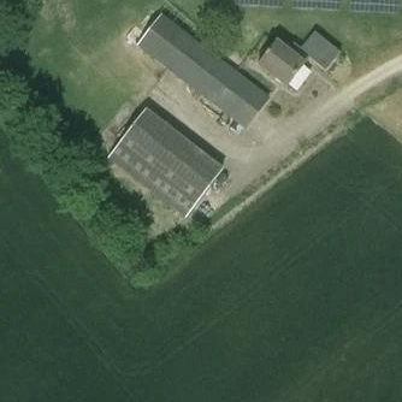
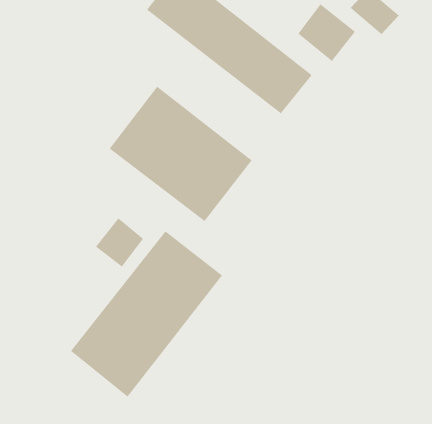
building: none -> [95,217,144,267]
building: none -> [70,230,223,397]

